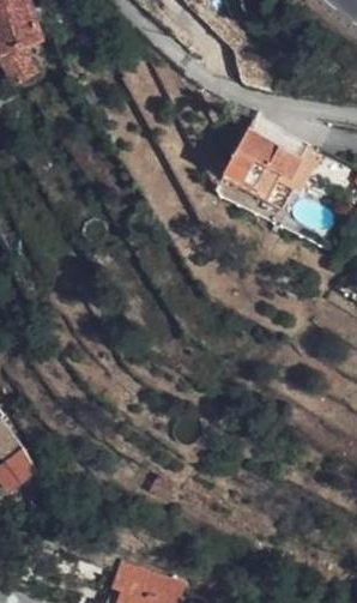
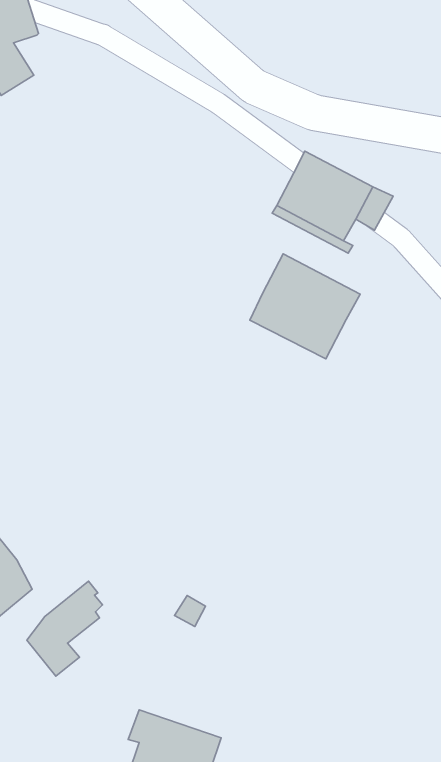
building: none -> [250,254,360,359]
building: none -> [27,581,102,676]

